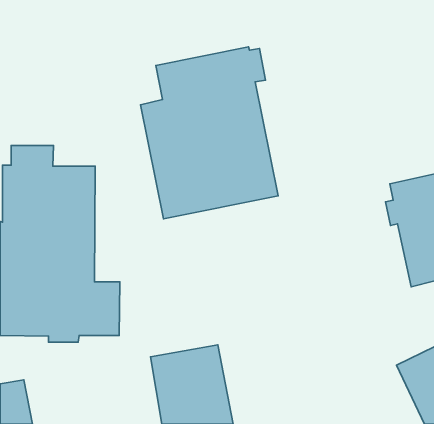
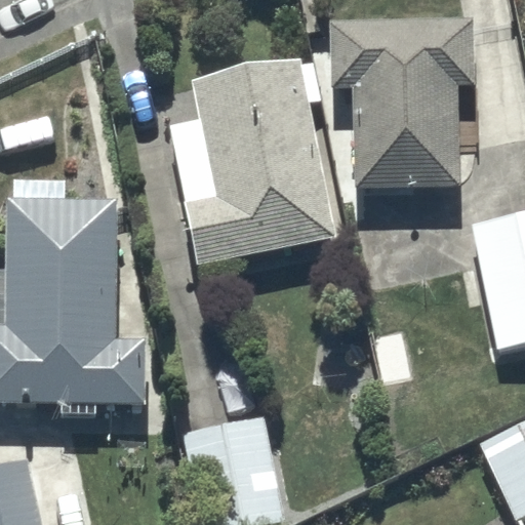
building: none -> [329,19,475,187]

